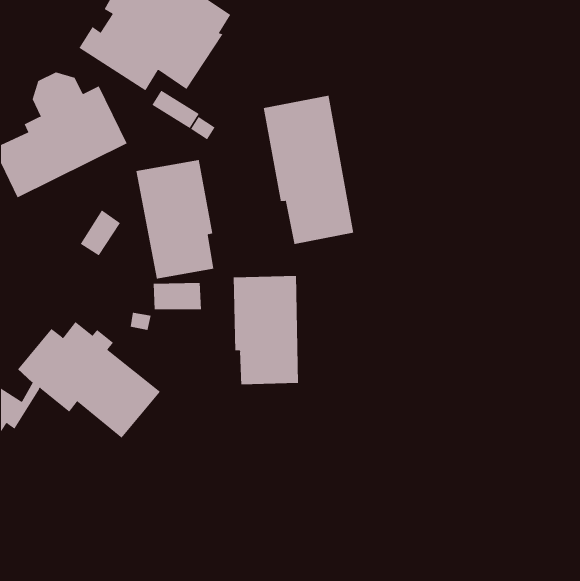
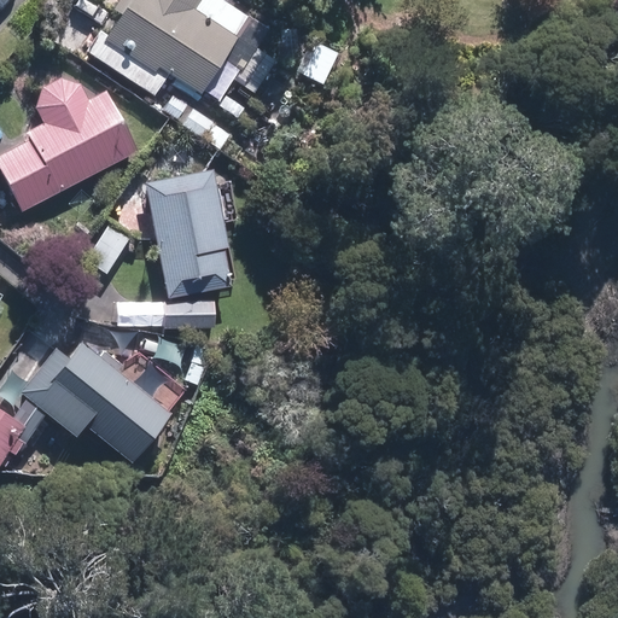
building: [263,95,354,245] -> none
building: [233,275,299,385] -> none

